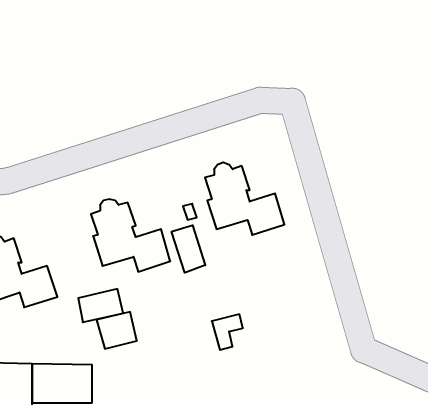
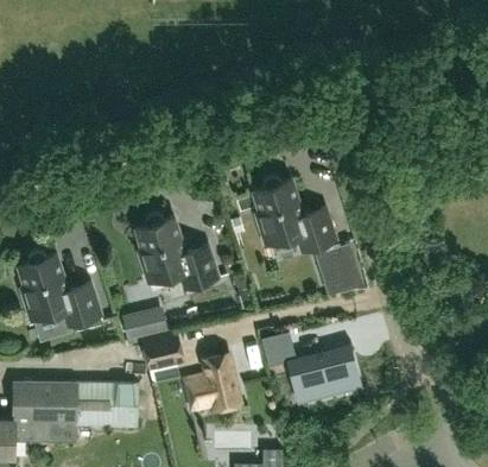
building: [172,225,205,273] -> none
building: none -> [316,244,365,290]
building: none -> [290,345,359,398]
building: none -> [184,353,242,410]

